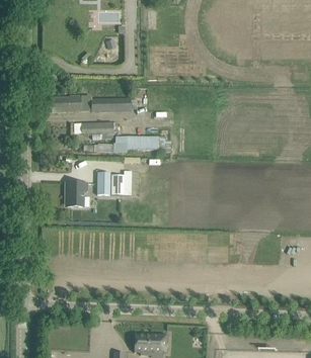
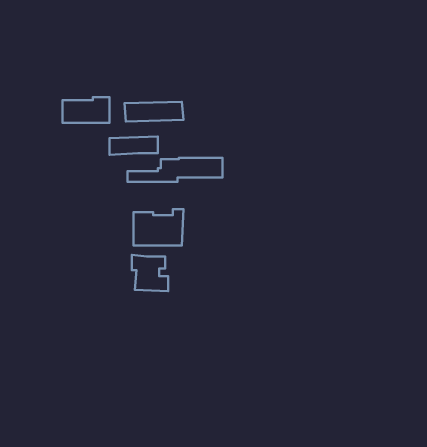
building: [65,182,89,206] -> [132,255,168,291]

